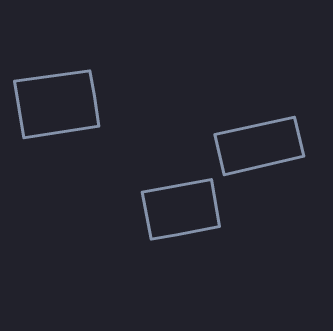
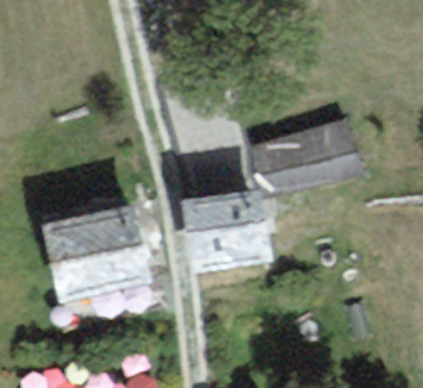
building: [15,71,99,138] -> [54,213,141,282]

